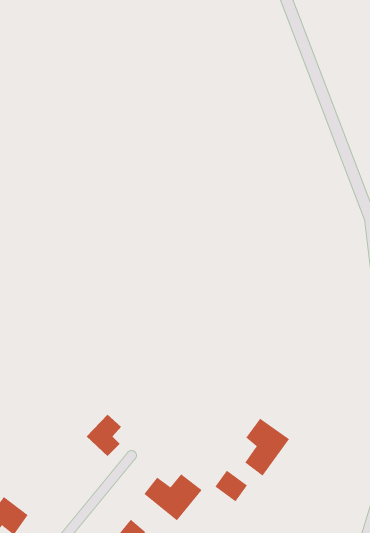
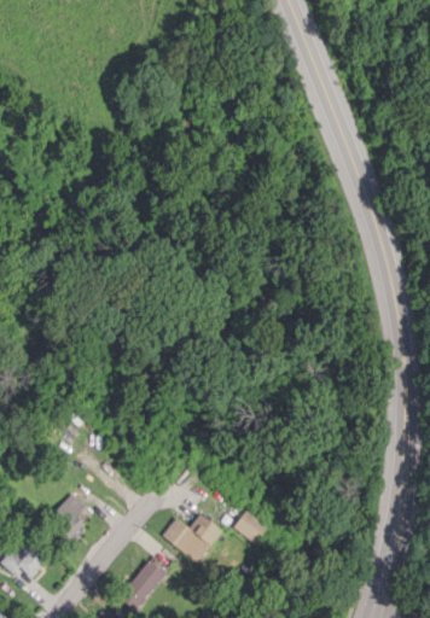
building: [86,414,122,457] -> [51,494,87,537]
building: [244,418,290,476] -> none

